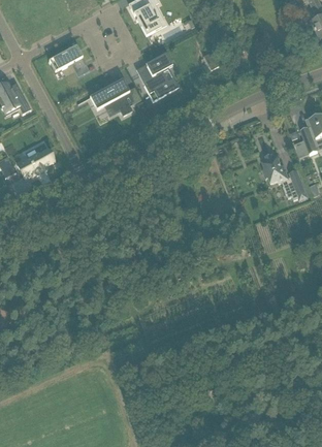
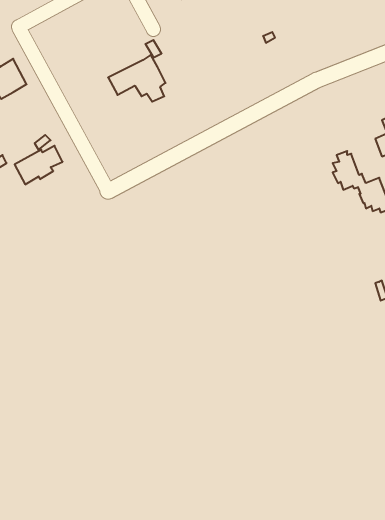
building: [49,44,86,70] -> none
building: [137,52,178,96] -> none

